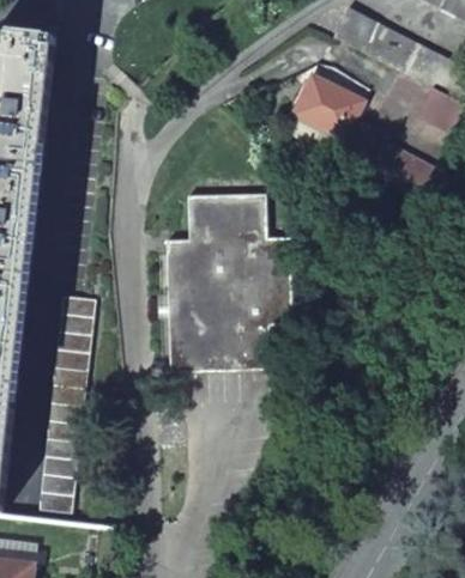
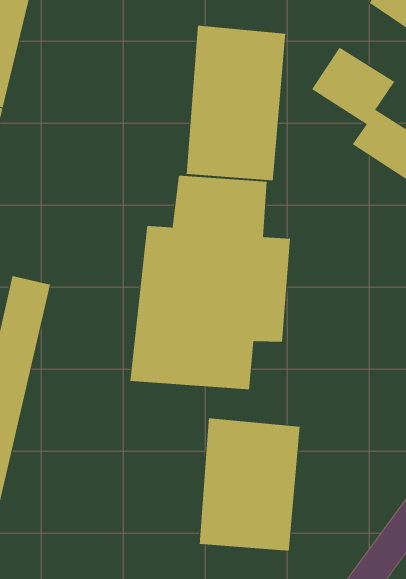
building: none -> [186,25,286,181]
building: none -> [199,418,300,551]

